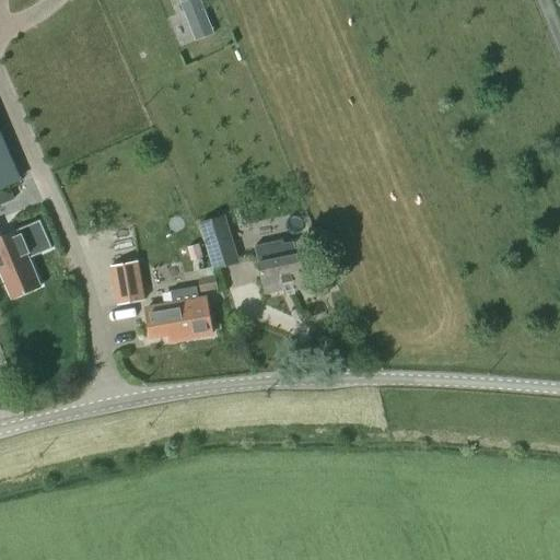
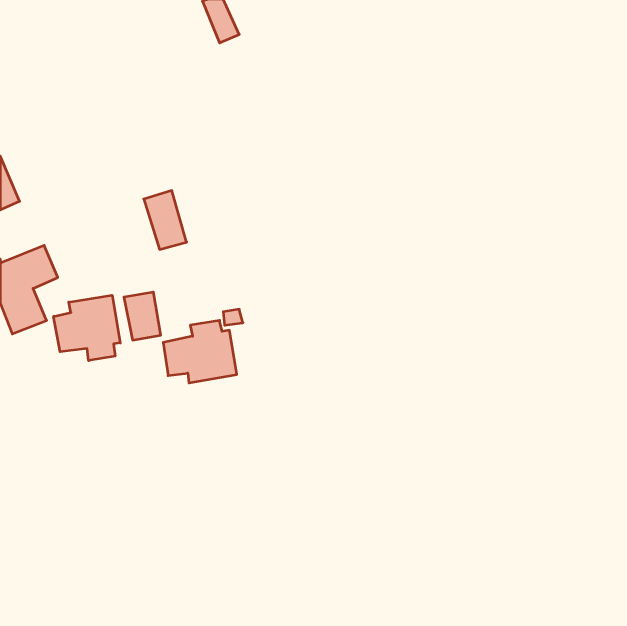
building: [199,214,237,267] -> [144,191,187,249]
building: [255,241,314,293] -> none
building: none -> [54,295,120,361]

